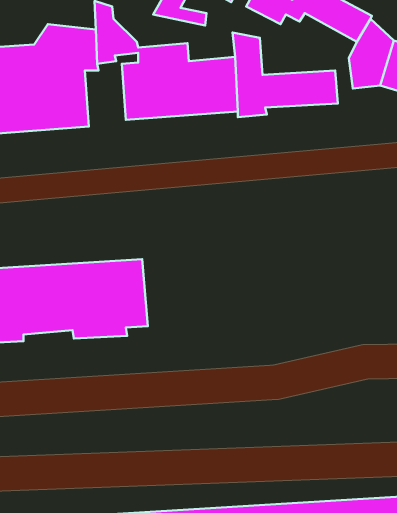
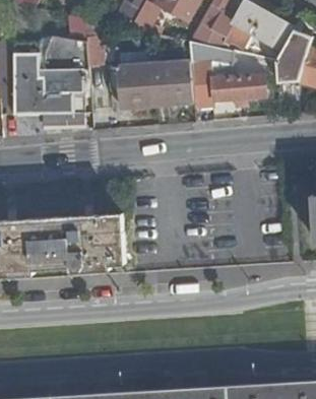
building: none -> [190,21,259,55]

